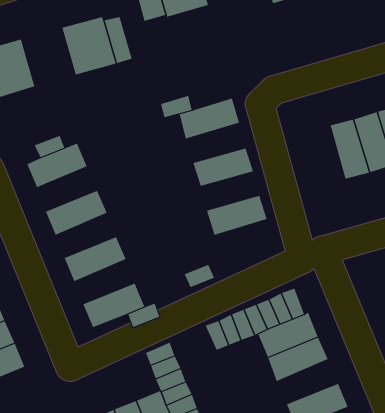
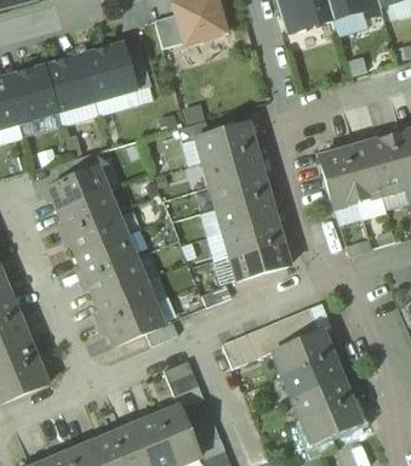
building: none -> [44,53,96,110]
building: none -> [202,146,262,184]
building: none -> [319,148,358,208]
building: none -> [58,188,118,232]
building: none -> [217,193,275,231]
building: none -> [76,233,136,277]
building: none -> [230,239,290,279]
building: none -> [95,278,154,322]
building: none -> [291,375,352,419]

